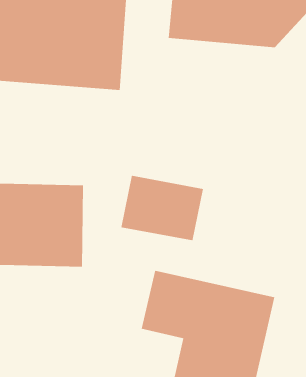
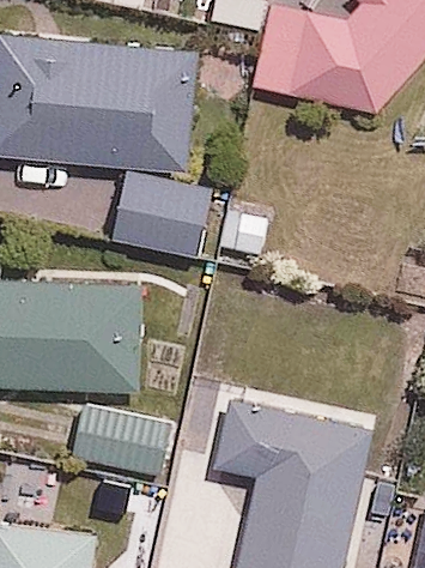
building: [121,175,204,241] -> [109,173,212,254]
building: none -> [71,404,166,476]

